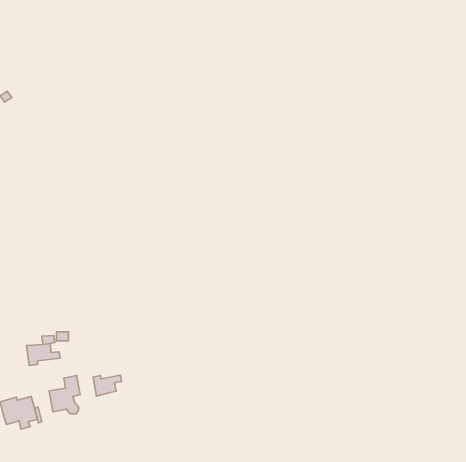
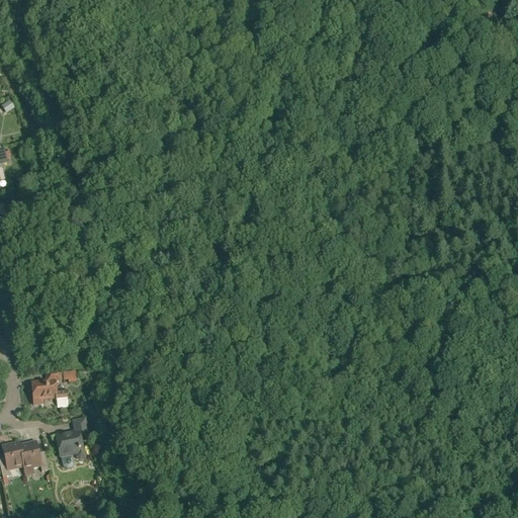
building: [93,375,121,396] -> none

